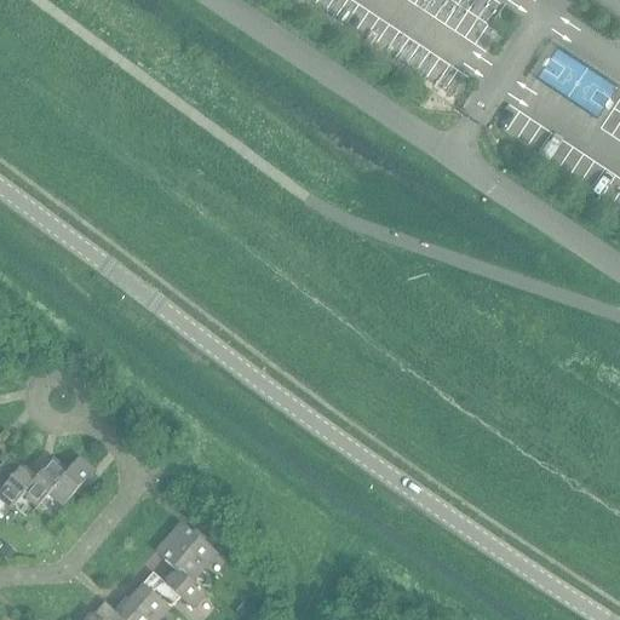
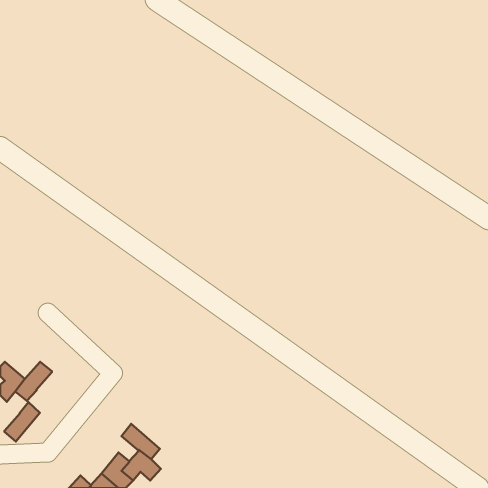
building: [47,457,92,506] -> [4,402,40,441]
building: [167,522,217,568] -> none

